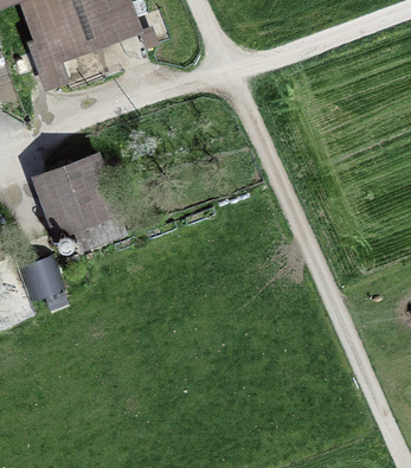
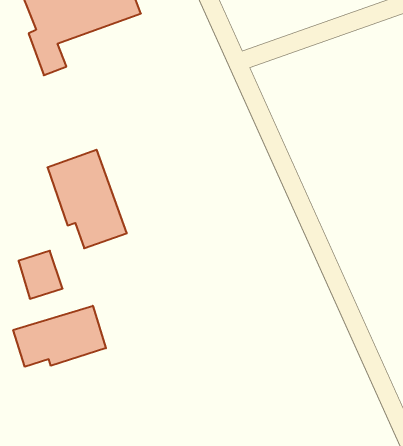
building: none -> [13,306,106,367]

